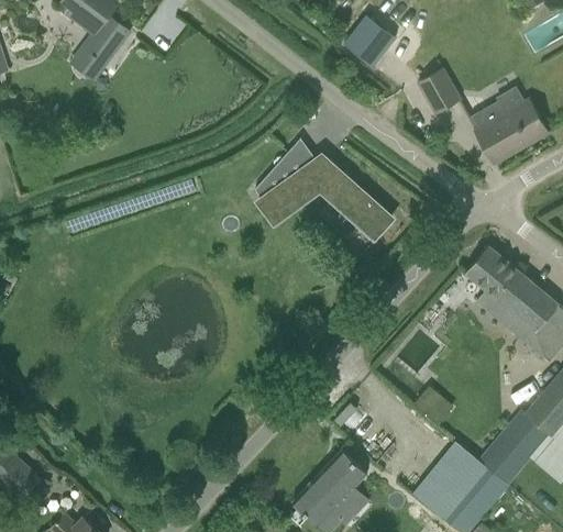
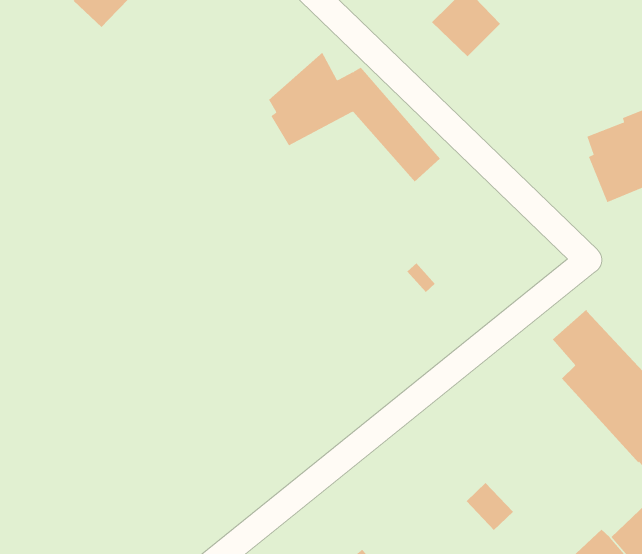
building: [419,69,460,113] -> none
building: [255,148,391,239] -> [268,52,441,183]

